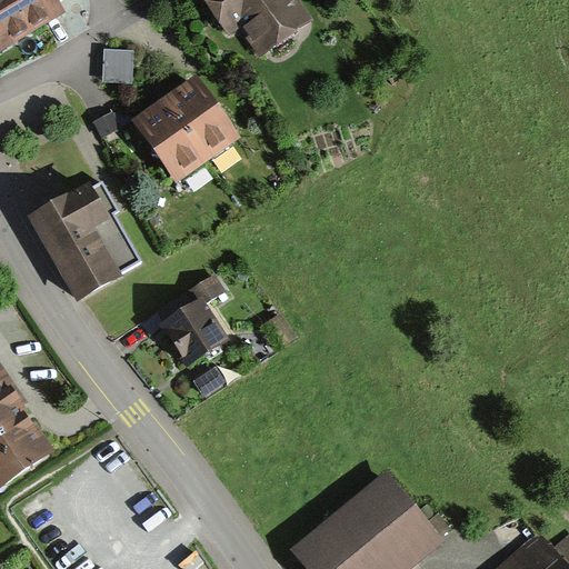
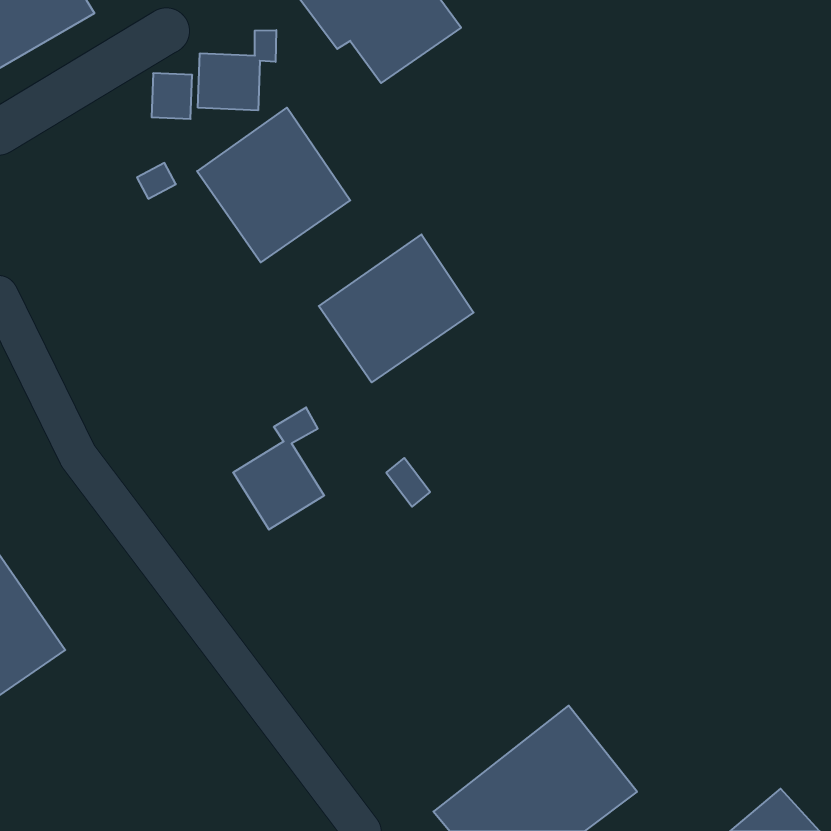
building: none -> [198,30,276,110]
building: none -> [319,234,474,382]
building: [29,184,142,302] -> none

